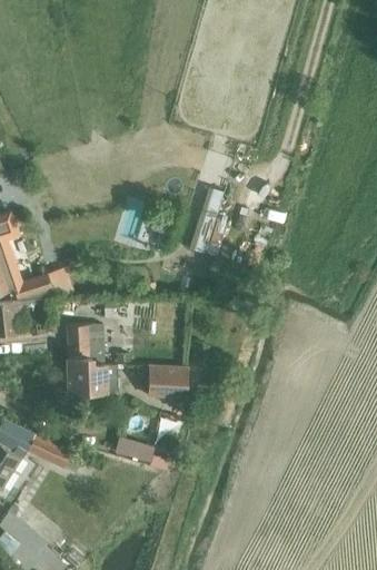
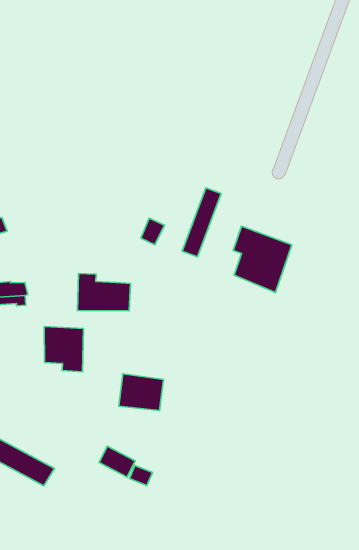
building: none -> [233,226,292,293]
building: [69,358,118,393] -> [78,273,131,311]

